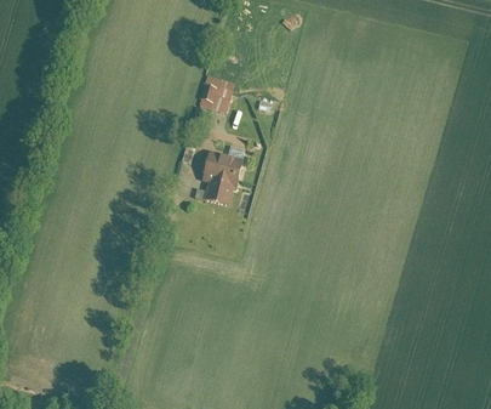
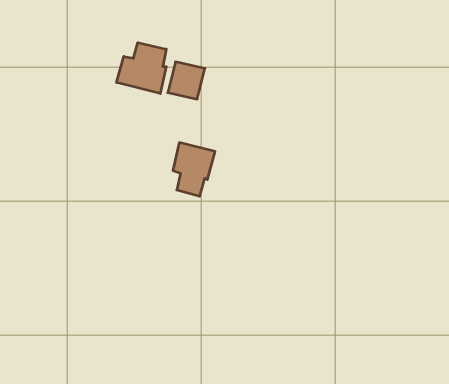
building: none -> [117,43,166,94]

